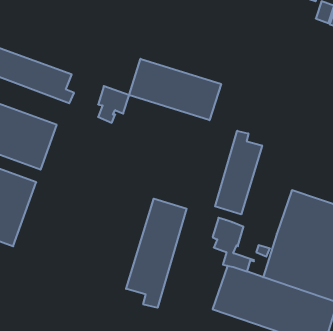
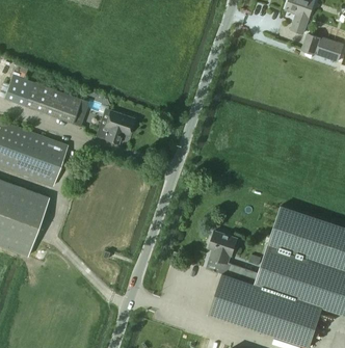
building: [129,59,221,120] -> none
building: [215,131,262,214] -> none
building: [126,199,187,308] -> none

